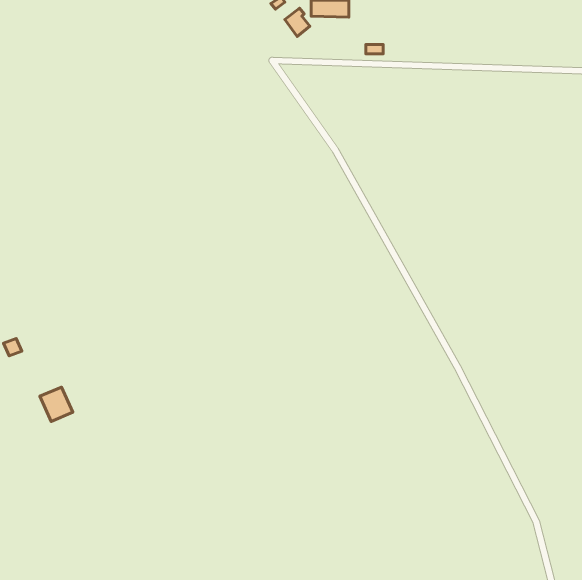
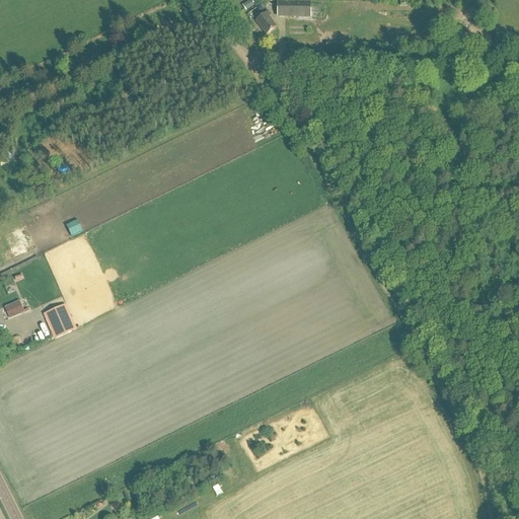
building: [40,387,73,421] -> [44,304,73,335]

